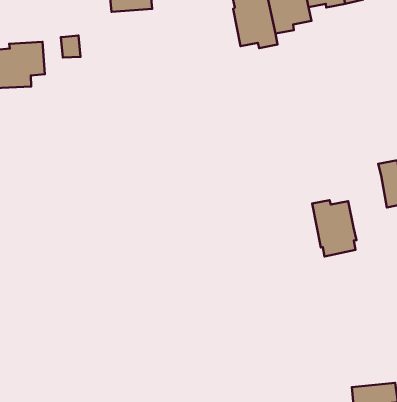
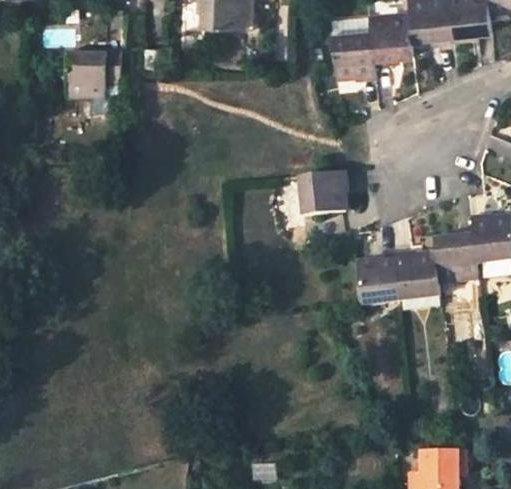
building: none -> [298,171,349,216]
building: none -> [433,229,476,282]
building: none -> [355,252,400,304]

